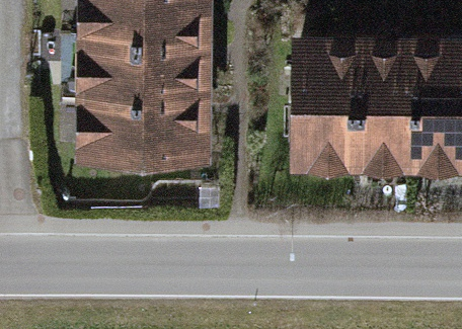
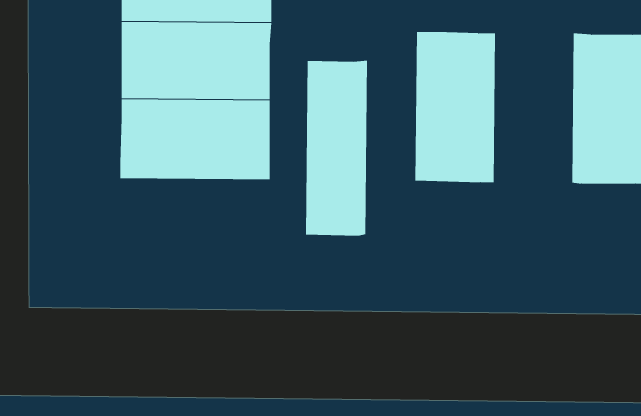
building: [354,54,409,160] -> none
building: none -> [305,60,368,236]

